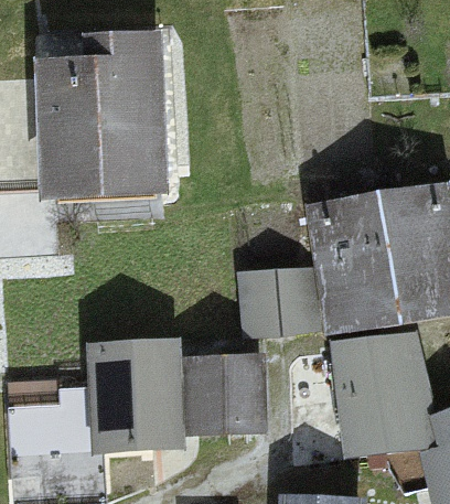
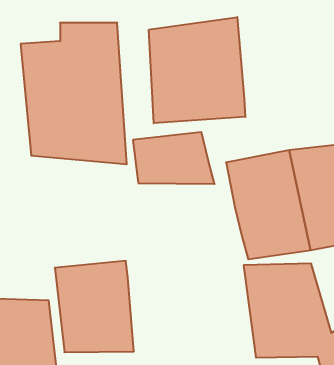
building: none -> [149,17,245,123]
building: [229,265,332,330] -> [133,132,215,184]
building: [181,352,276,446] -> none

